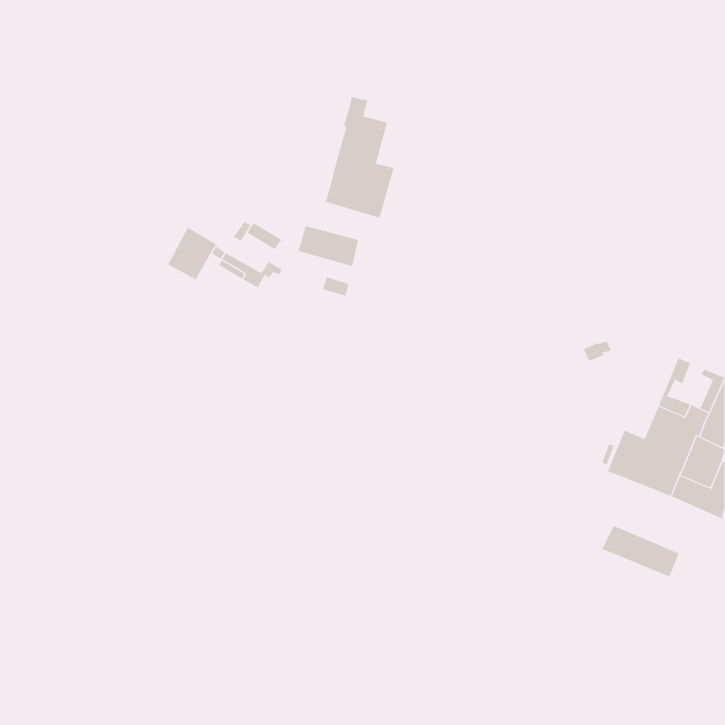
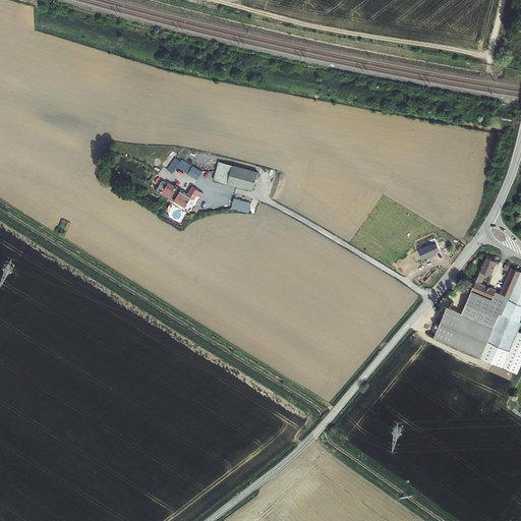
building: [325,96,394,219] -> none
building: [167,227,217,280] -> none
building: [601,525,679,577] -> none

